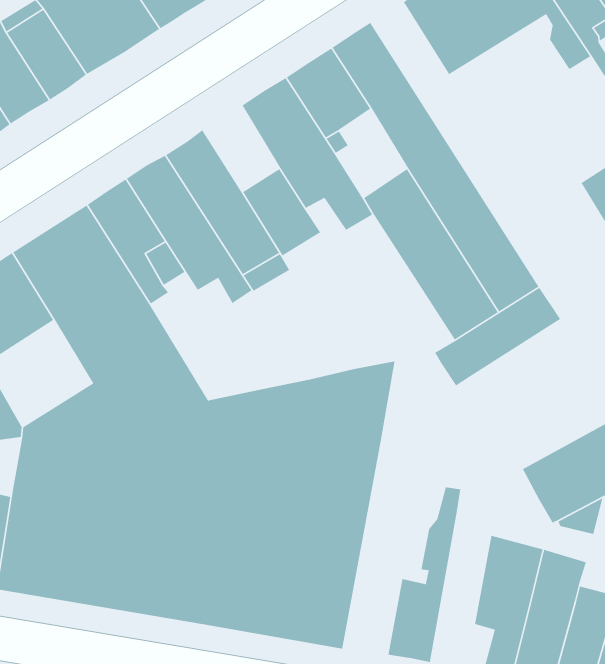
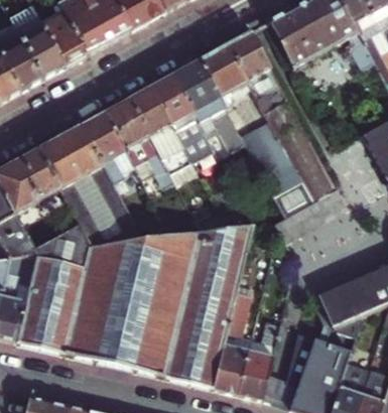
building: none -> [151,75,193,124]
building: none -> [211,271,251,393]

